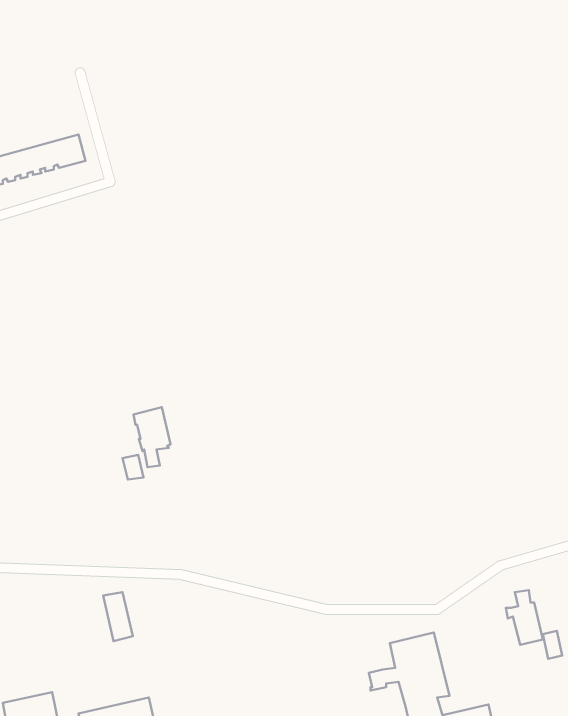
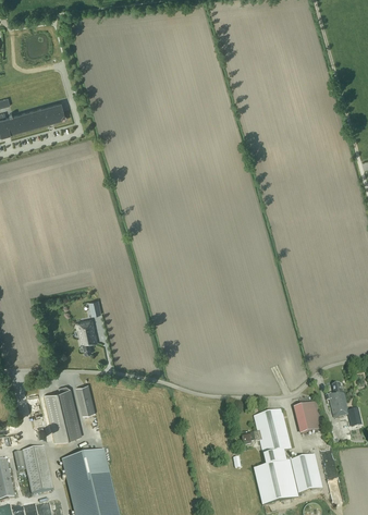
building: [134,407,171,467] -> [75,319,98,356]
building: none -> [44,387,82,443]
building: none -> [294,403,322,436]

